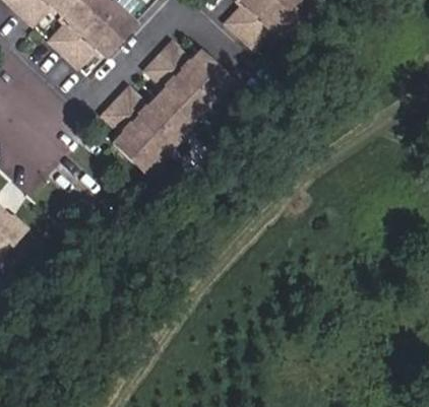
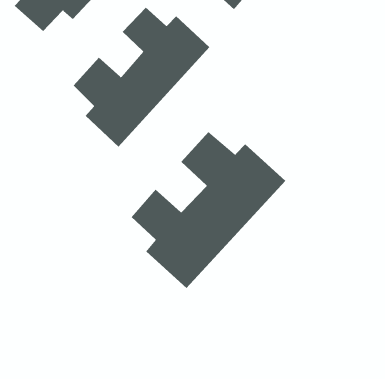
building: none -> [131,131,286,289]

